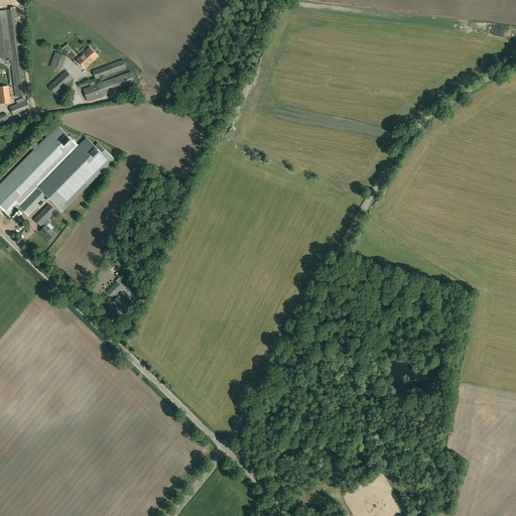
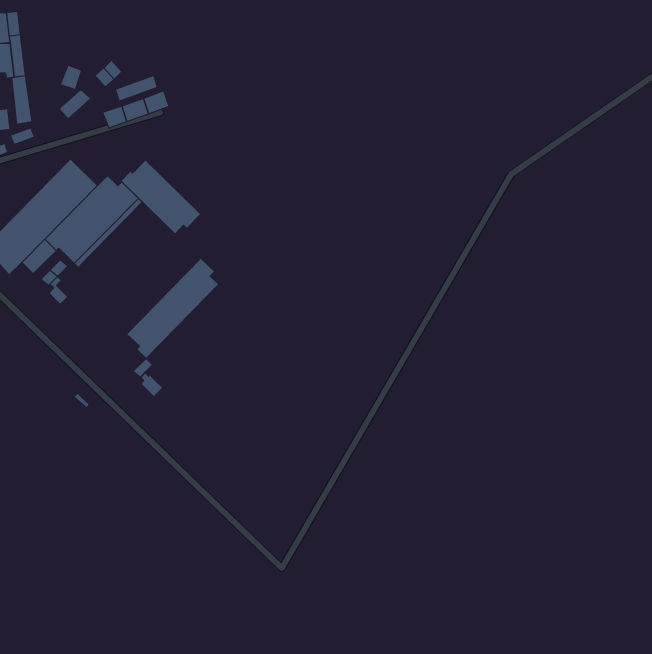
building: none -> [121,160,201,234]
building: none -> [127,258,219,358]

